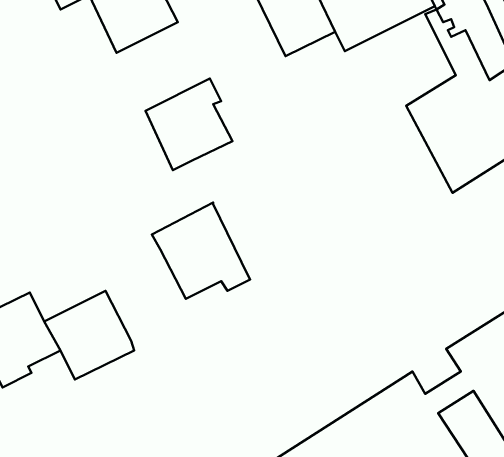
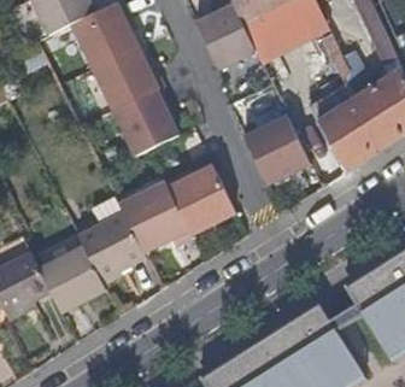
building: none -> [92,43,164,110]
building: none -> [243,117,309,183]
building: none -> [164,164,235,234]
building: none -> [78,213,145,282]

